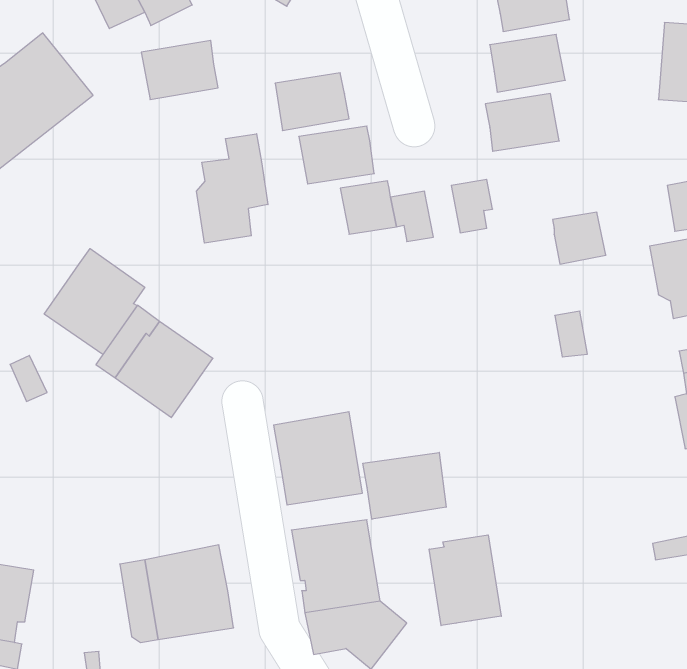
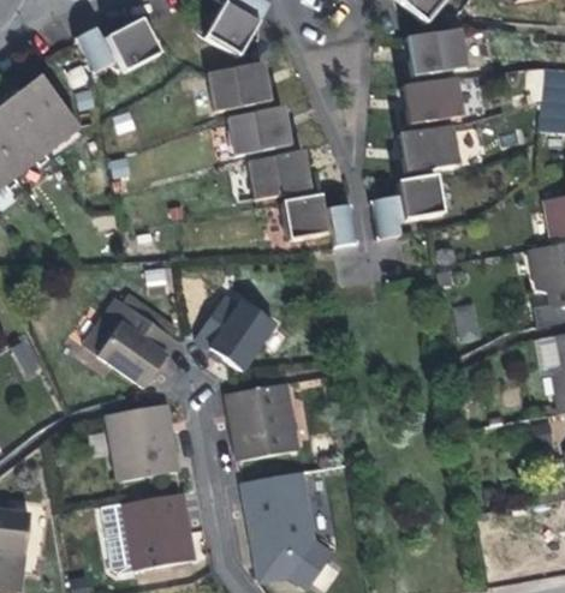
building: [141,40,218,100] -> [206,62,268,110]
building: [196,134,268,243] -> none
building: [553,212,606,264] -> [398,176,441,218]
building: [44,249,145,355] -> none
building: none -> [195,295,275,370]
building: none -> [106,403,178,480]
building: [363,452,446,519] -> none
building: [429,535,501,626] -> none

